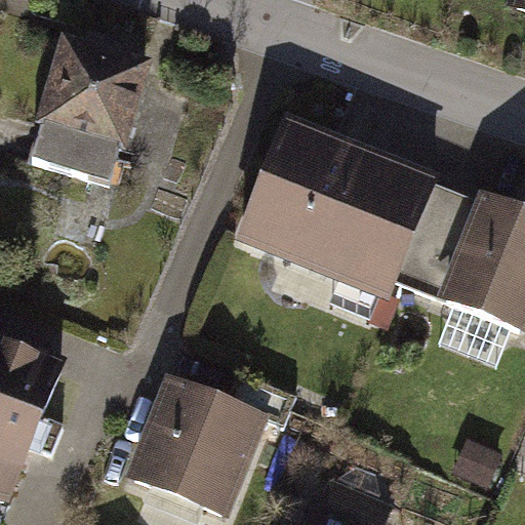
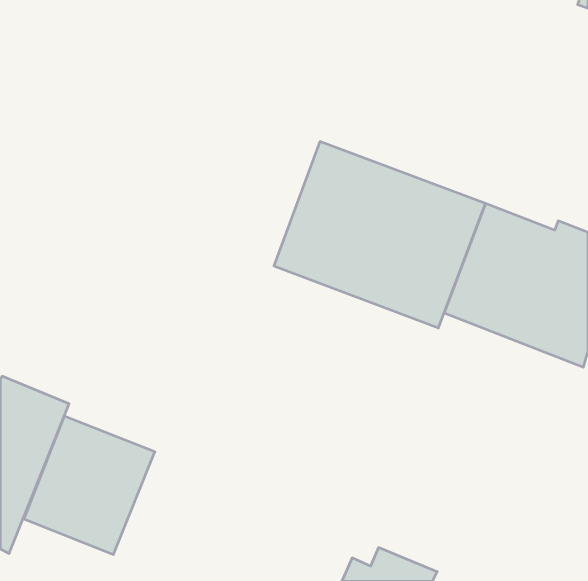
building: [33,39,145,171] -> none
building: [142,386,258,509] -> [24,416,155,554]

